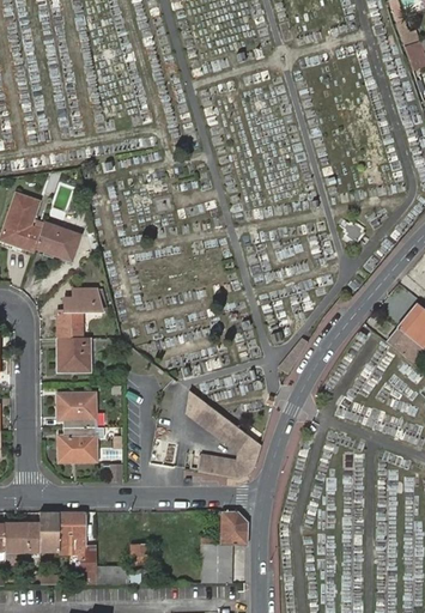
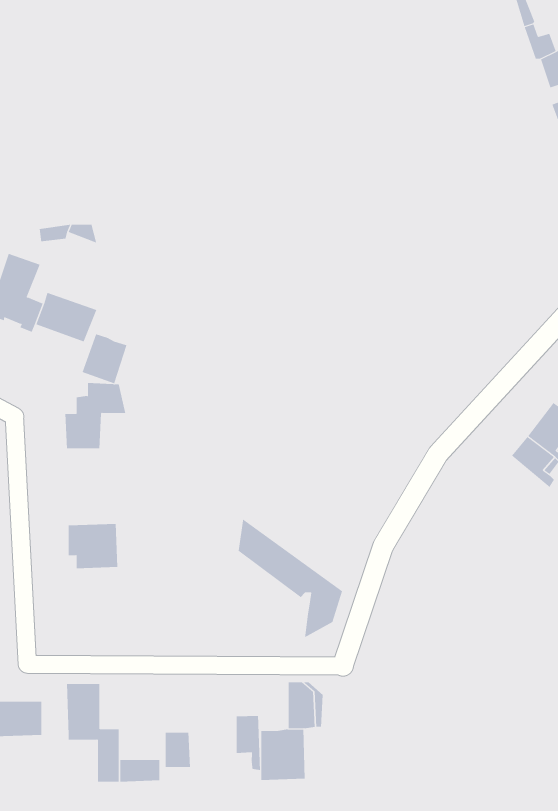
building: none -> [82,333,127,384]
building: [57,338,89,370] -> none
building: [59,425,96,460] -> none
building: [198,454,236,478] -> none
building: [40,511,59,550] -> none
building: none -> [236,715,260,771]

